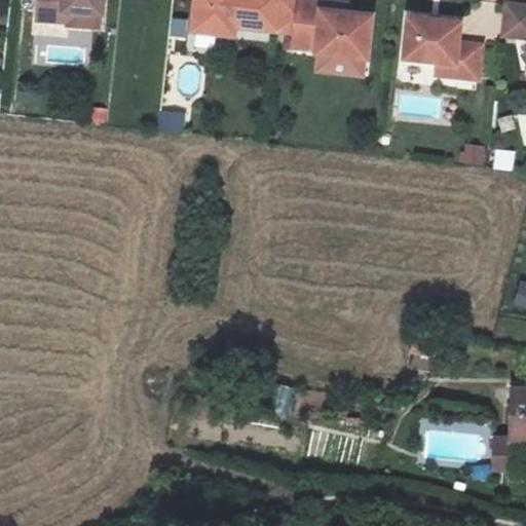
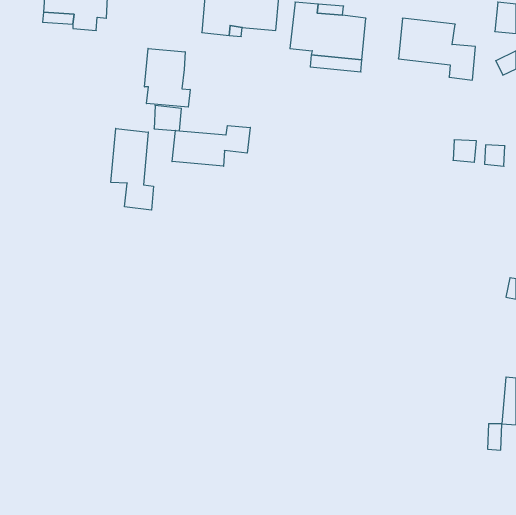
building: none -> [145,48,190,107]
building: none -> [172,126,250,166]
building: none -> [111,128,153,210]

